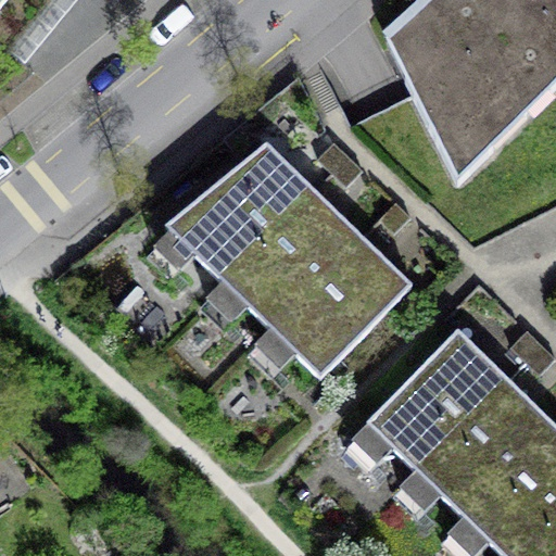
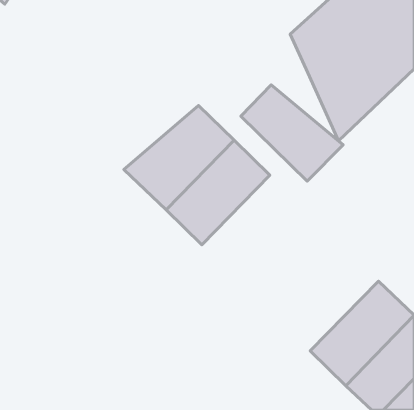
building: none -> [241,85,343,181]
building: [270,235,412,376] -> none
building: [366,329,507,470] -> none

